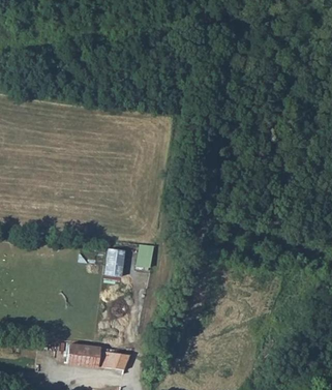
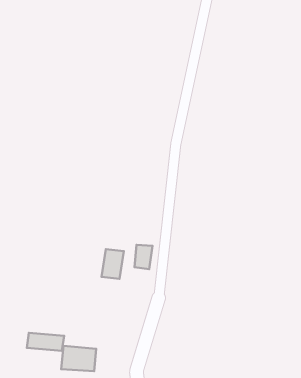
building: none -> [27,333,64,351]
building: [99,350,131,369] -> none

